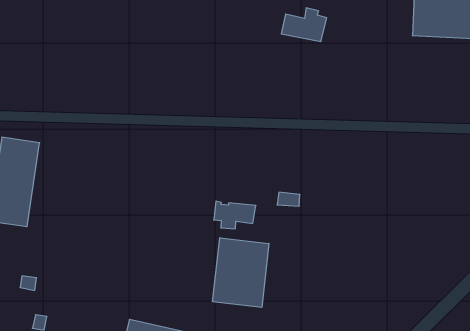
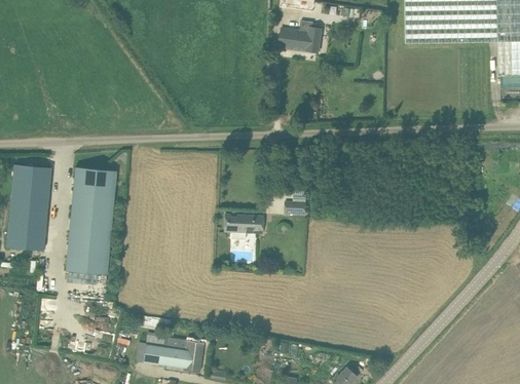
building: none -> [67,167,117,274]
building: [213,238,269,307] -> none

